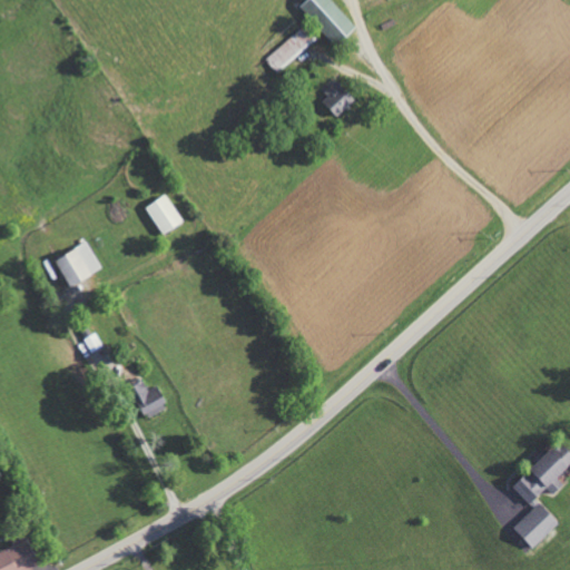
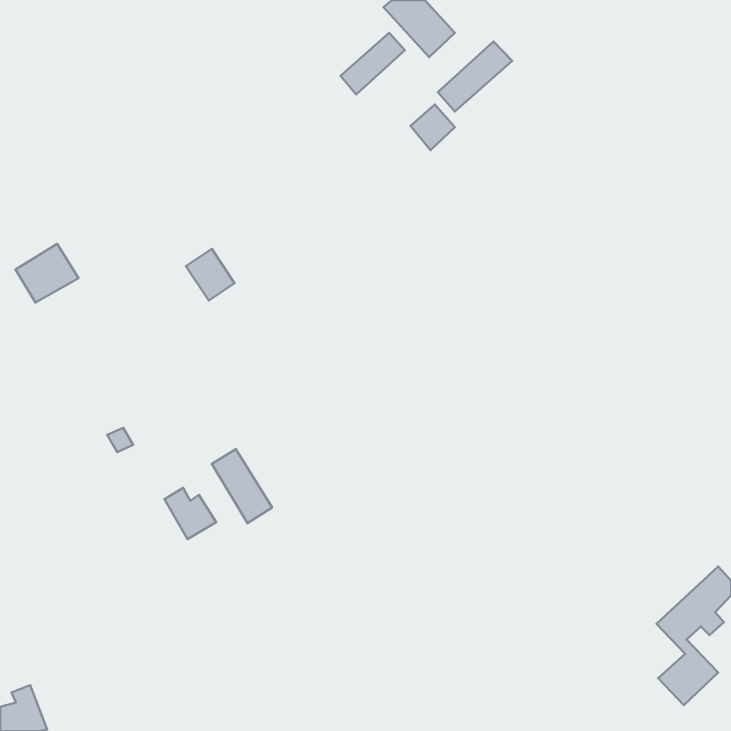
building: none -> [438,41,512,112]
building: [53,240,102,286] -> [16,244,79,302]
building: none -> [212,449,272,523]

